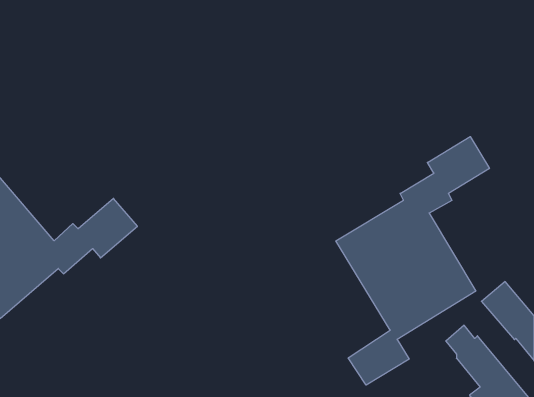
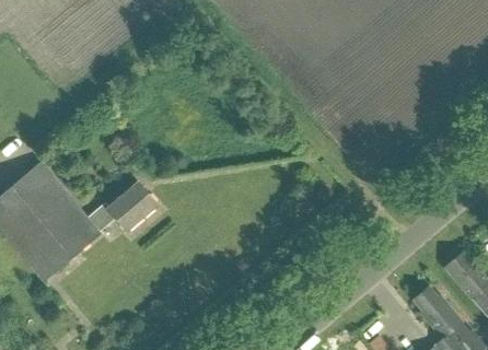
building: [336,137,489,385] -> none

